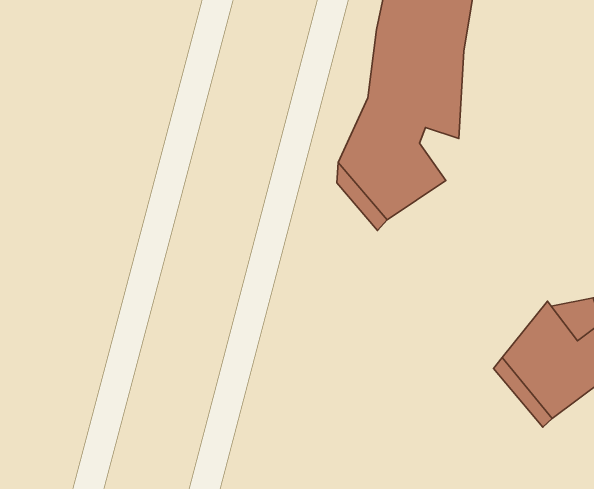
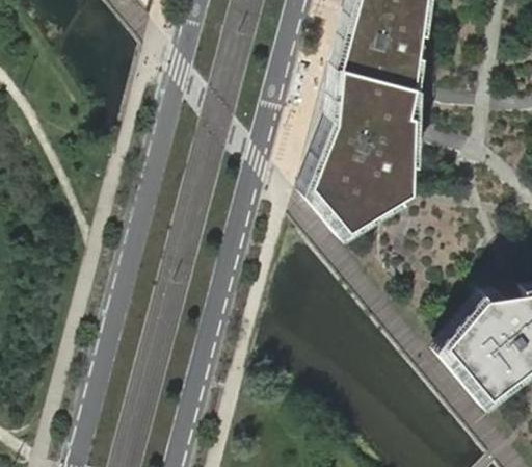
building: none -> [379,149,416,197]

